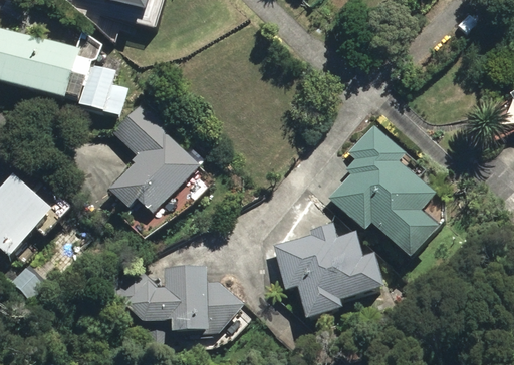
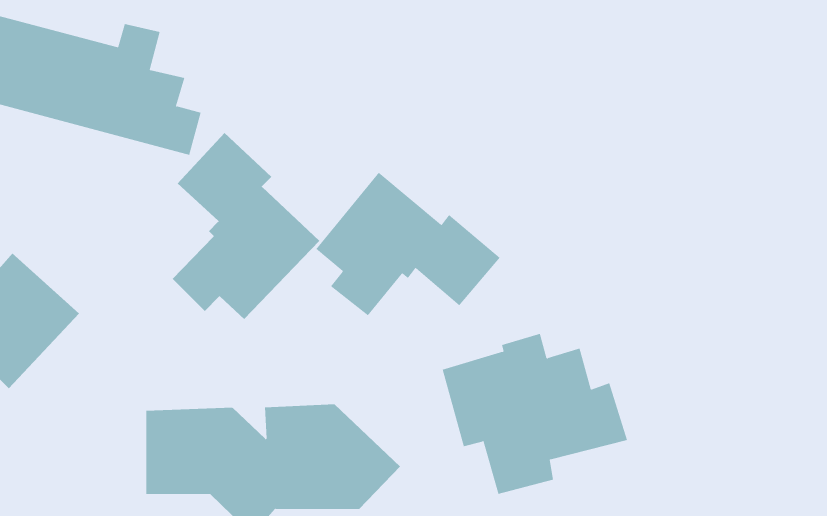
building: none -> [316,172,500,316]
building: [325,124,442,257] -> none

